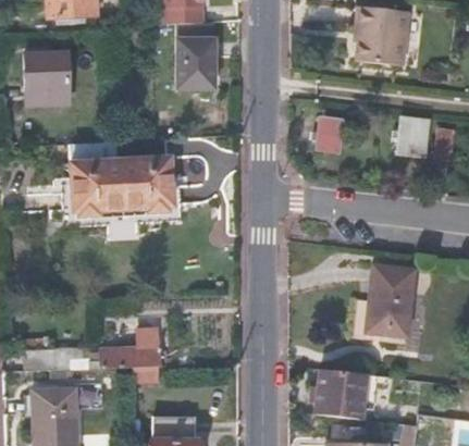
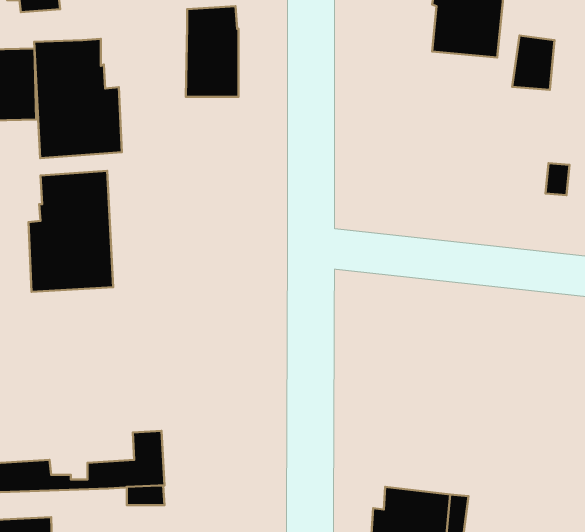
building: [318,115,355,152] -> none
building: [398,116,429,156] -> [512,36,554,90]
building: [120,138,183,224] -> [34,39,122,158]
building: [366,264,415,334] -> none

